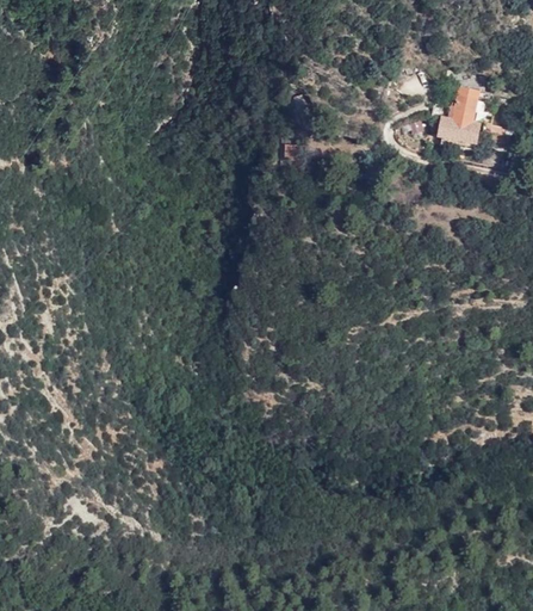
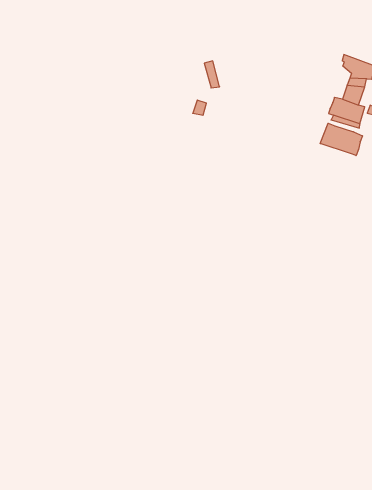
building: none -> [320,123,362,156]

